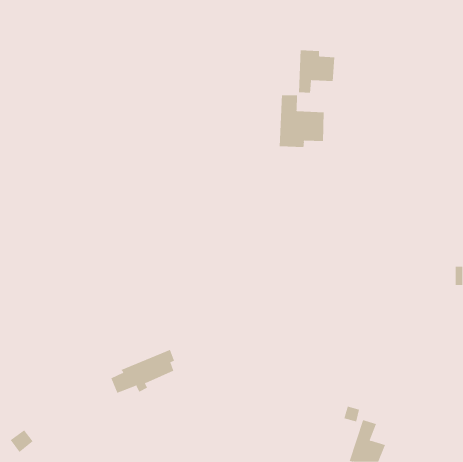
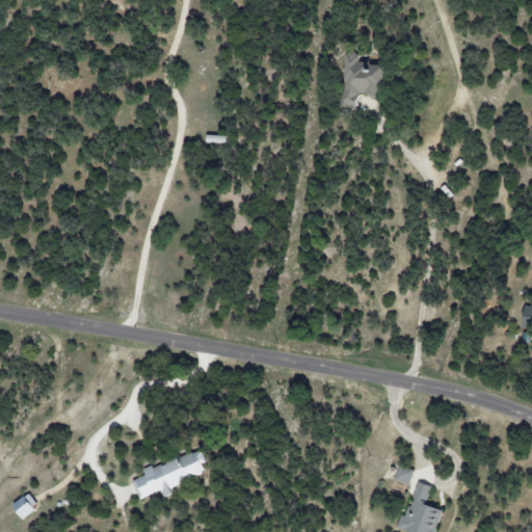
building: [279,95,324,148] -> none
building: [111,349,175,393] -> [132,448,206,499]

